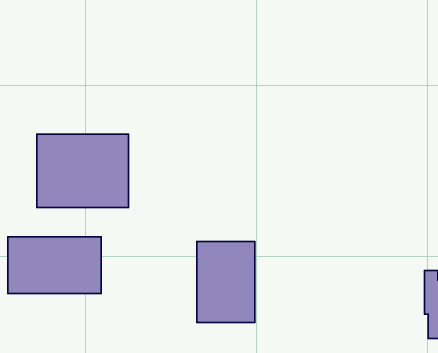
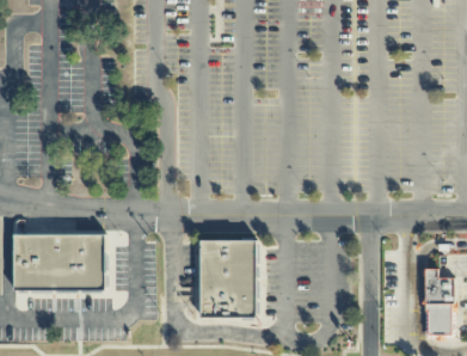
building: [37,134,128,207] -> none

